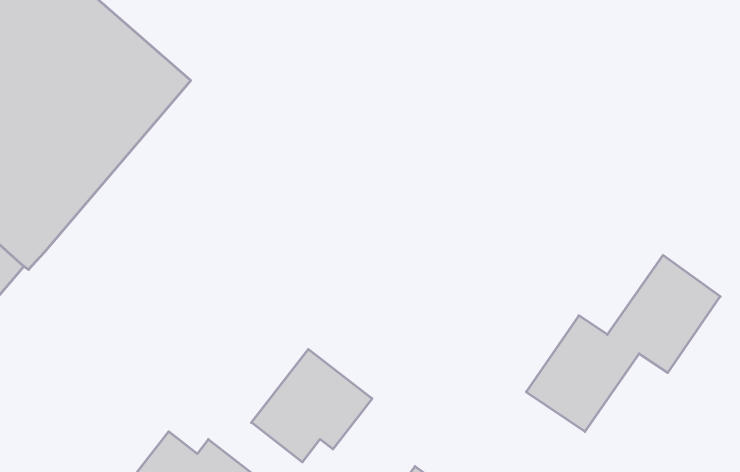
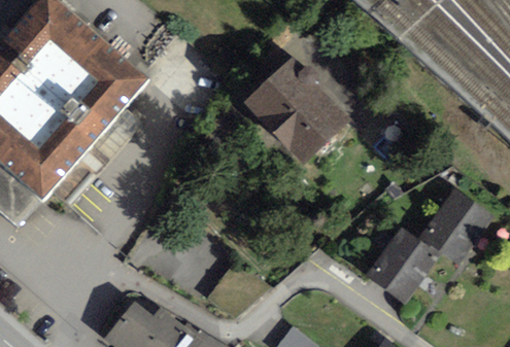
building: none -> [246,63,352,168]
building: [251,349,372,462] -> none

